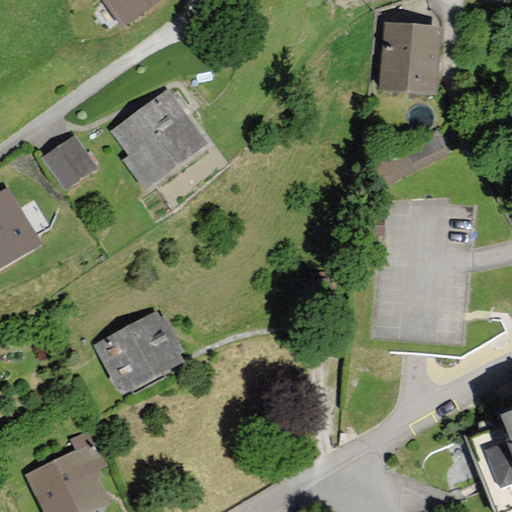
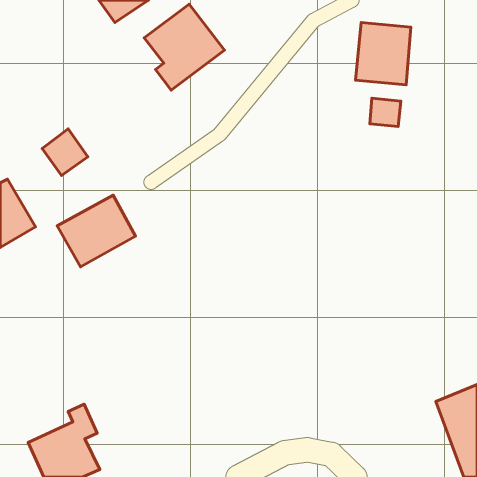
building: [117,94,203,186] -> [144,4,224,90]
building: none -> [370,98,401,126]
building: [98,314,182,391] -> [57,195,135,267]

